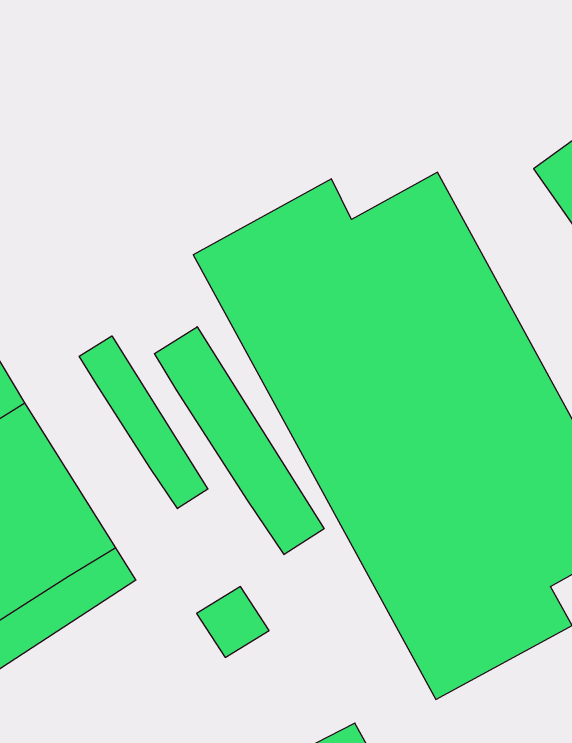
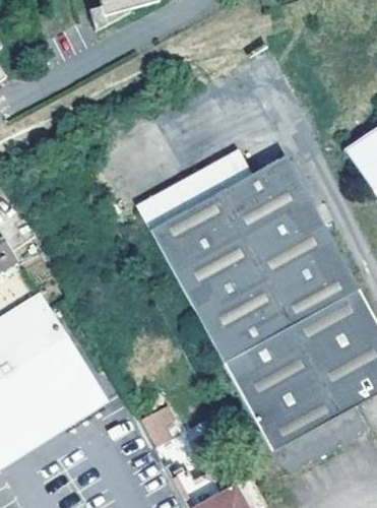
building: [154,327,324,555] -> none
building: [79,336,208,509] -> none

